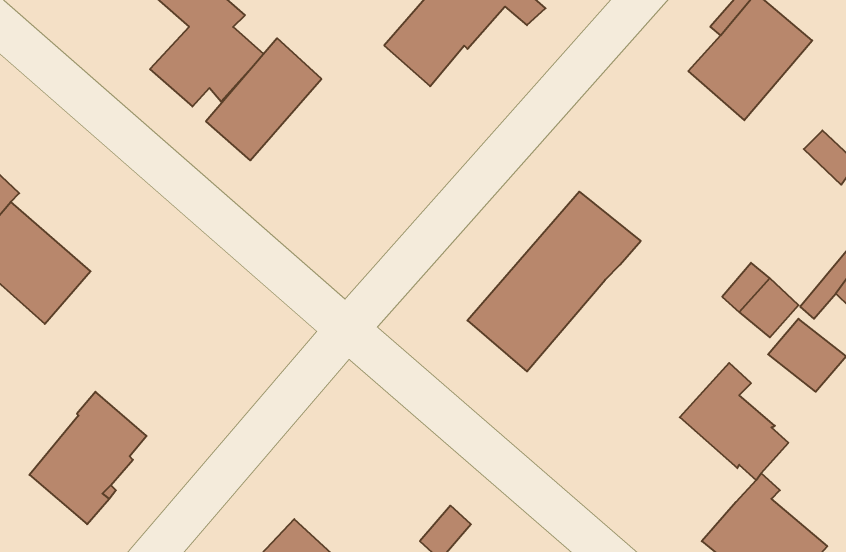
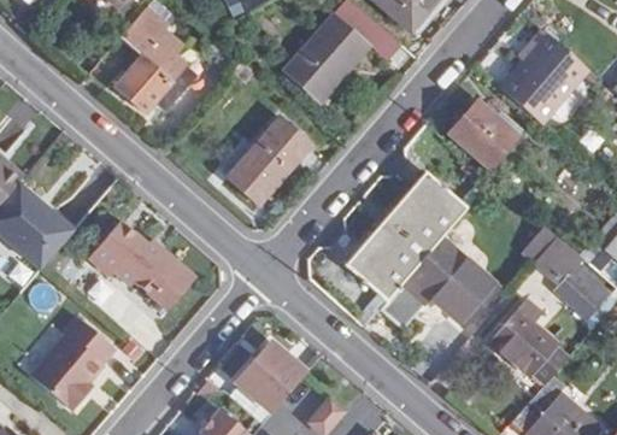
building: [206,38,321,160] -> [228,117,310,204]
building: none -> [447,101,516,169]
building: none -> [90,219,196,308]
building: none -> [378,236,498,328]
building: none -> [236,340,306,411]

